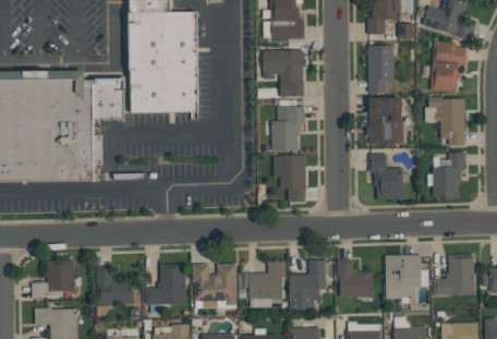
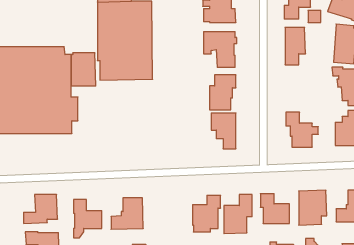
building: [367,96,407,145] -> none
building: [193,263,238,307] -> none

